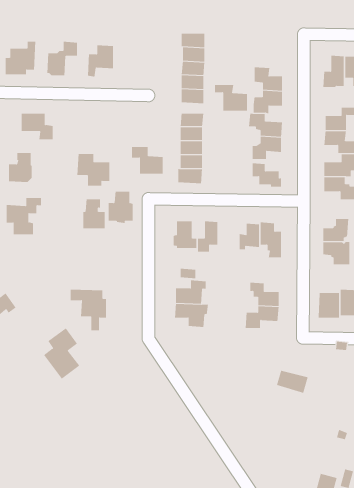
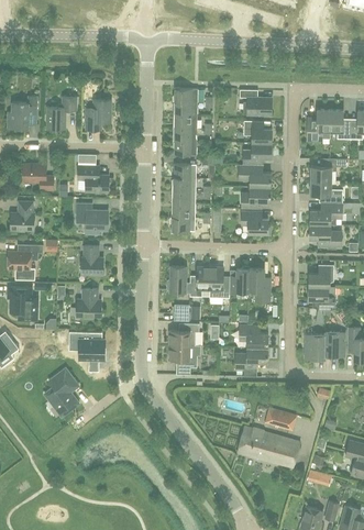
building: [214,85,248,111] -> [239,88,271,113]
building: [131,147,164,174] -> [77,164,108,190]
building: [108,191,133,223] -> [76,287,100,318]
building: none -> [209,266,229,296]
building: none -> [7,286,37,319]
building: none -> [236,424,299,466]

